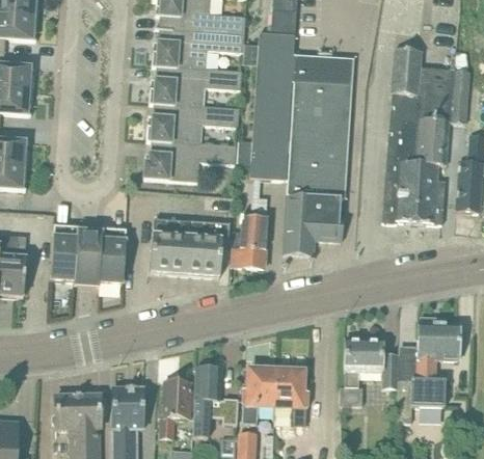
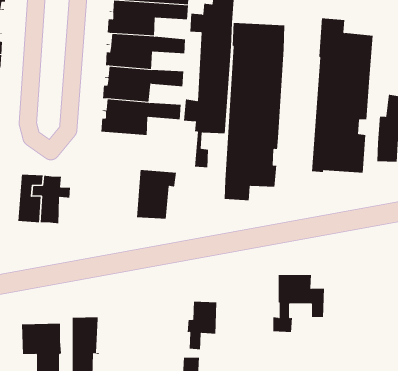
building: [449,69,470,124] -> none
building: [232,217,268,268] -> none
building: [150,218,189,274] -> none
building: [98,227,125,282] -> none
building: [397,318,459,423] -> none
building: [193,367,221,437] -> none
building: [275,370,307,425] -> none
building: [158,380,191,438] -> none

